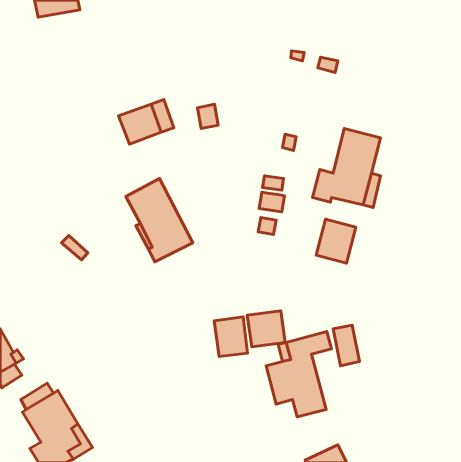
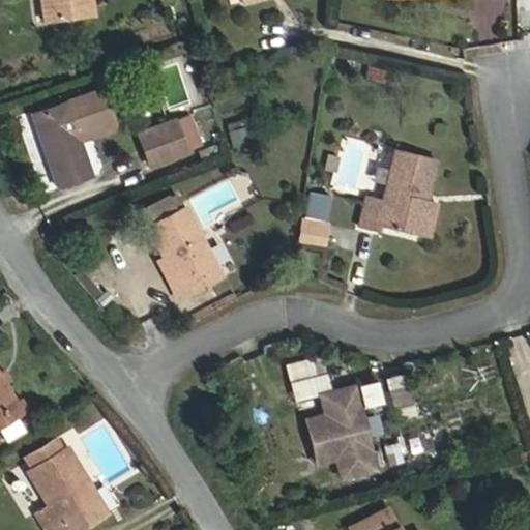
building: none -> [32,90,116,189]
building: [316,219,356,263] -> none
building: [214,317,248,357] -> none

